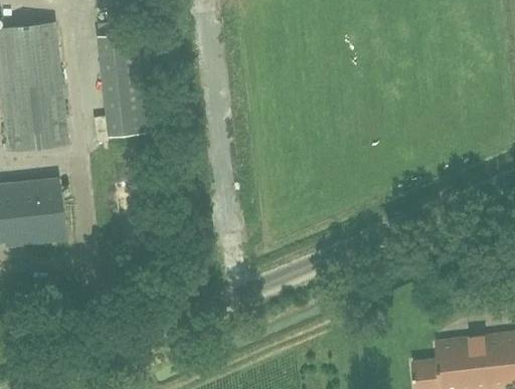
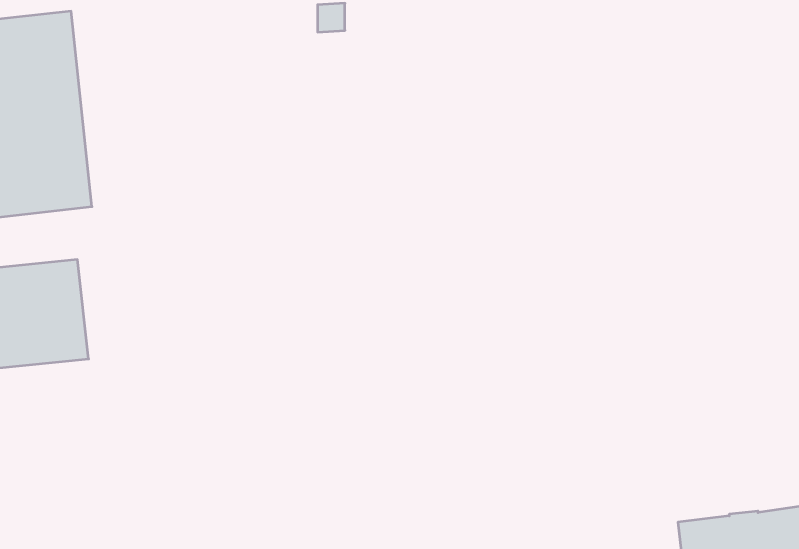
building: [104,32,159,133] -> none

